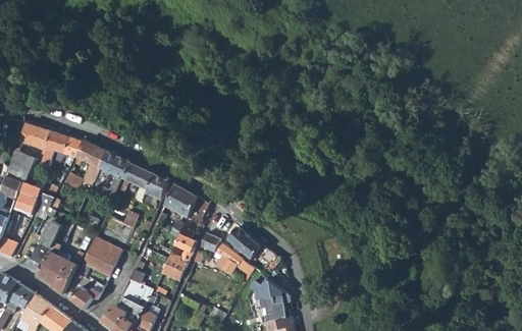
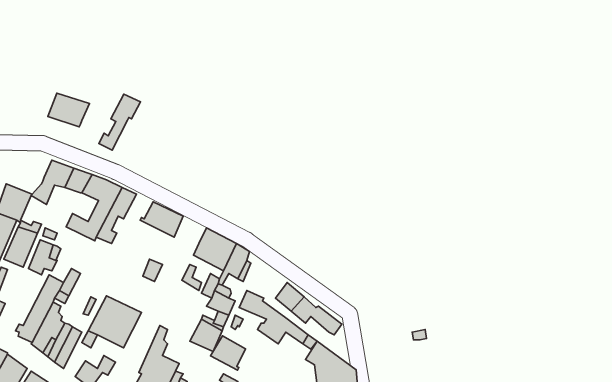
building: [20,122,53,149] -> [48,93,89,127]
building: [100,157,133,201] -> [99,94,141,150]
building: [144,174,169,205] -> none
building: none -> [211,336,246,370]

